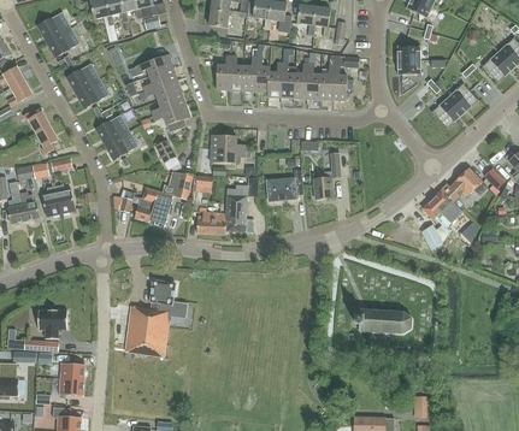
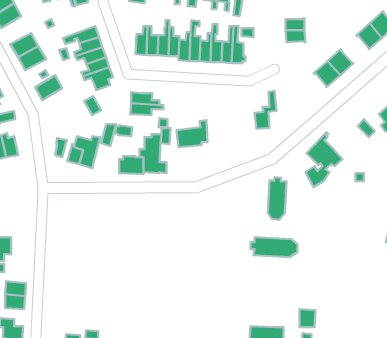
building: [104,129,137,159] -> none
building: [313,152,340,197] -> [255,91,277,129]
building: [443,166,482,201] -> none
building: none -> [268,177,286,220]
building: [124,278,187,355] -> none

